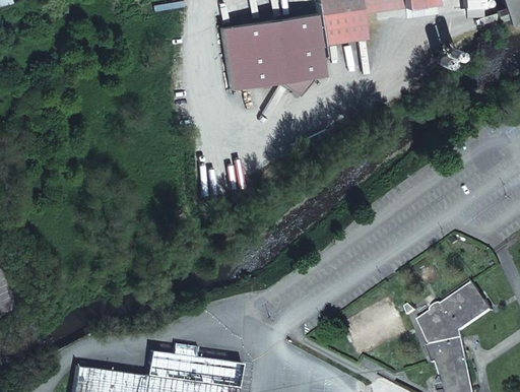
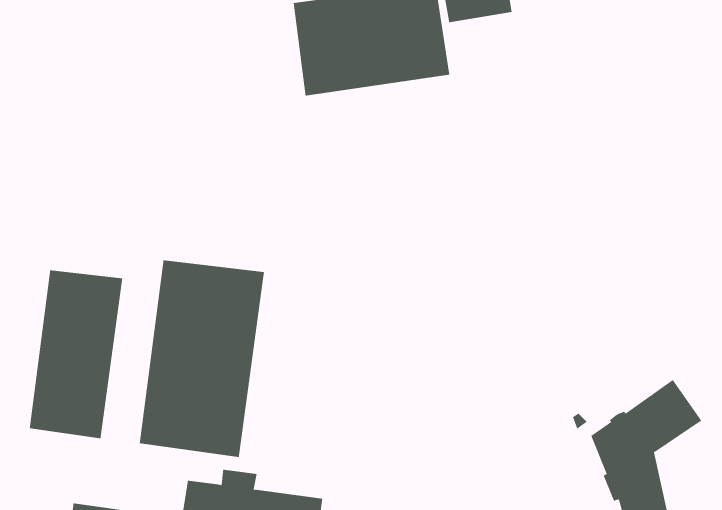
building: none -> [139,259,265,458]
building: none -> [29,270,123,439]

